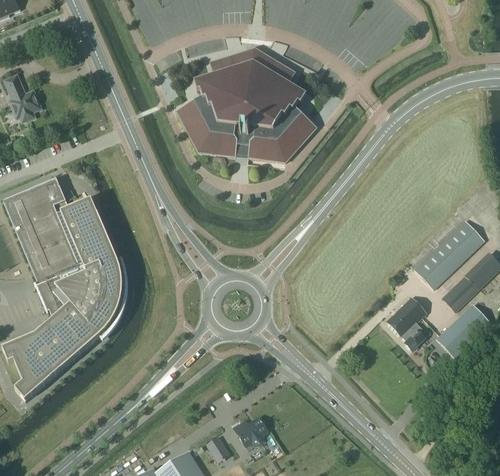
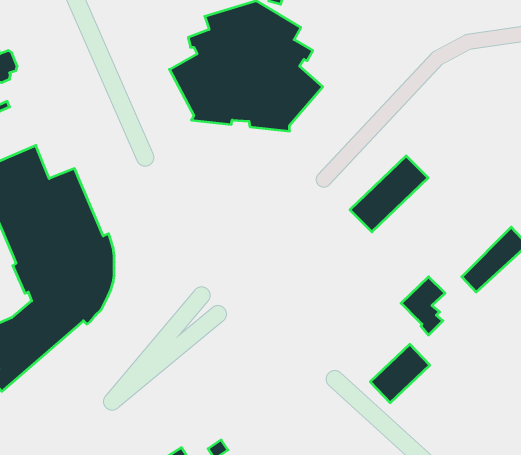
building: [414,220,485,289] -> [350,156,428,232]
building: [436,304,490,357] -> [370,344,430,403]
building: [233,416,268,446] -> none

